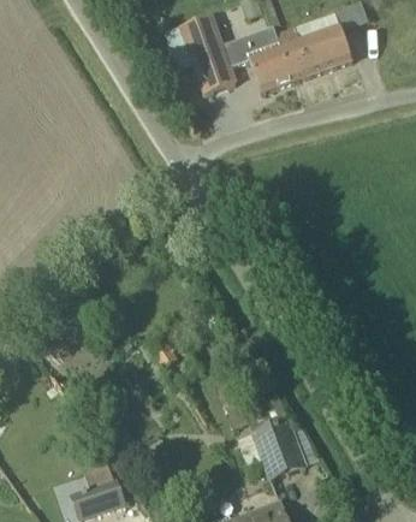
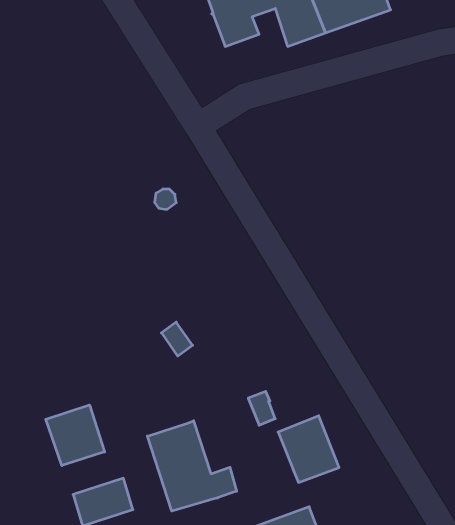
building: none -> [46,405,105,466]
building: none -> [147,421,237,511]

